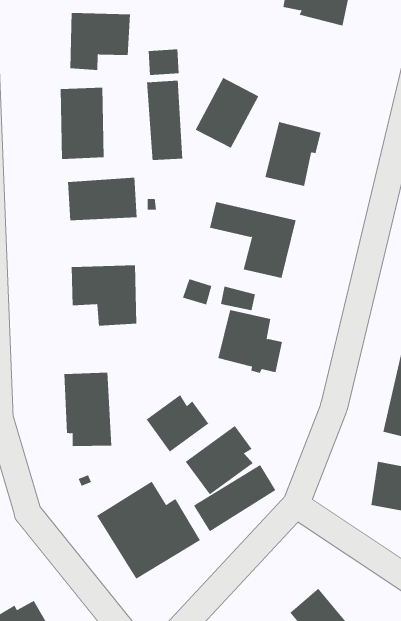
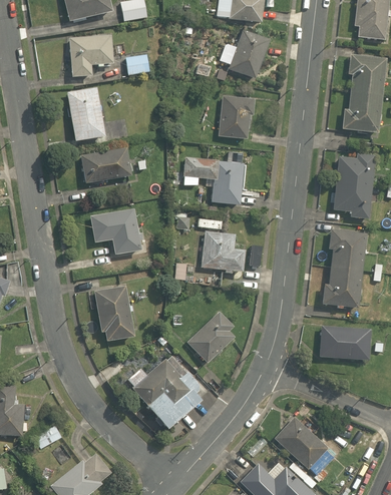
building: [195,77,259,149] -> [229,30,271,79]
building: [147,80,183,161] -> none
building: [146,394,209,452] -> none
building: [193,464,276,532] -> none

